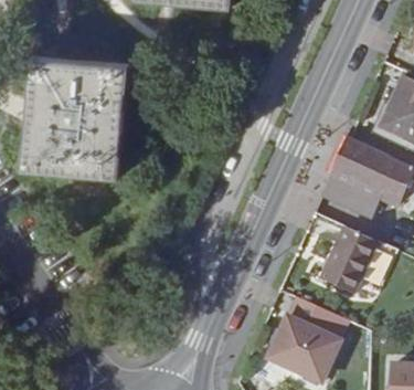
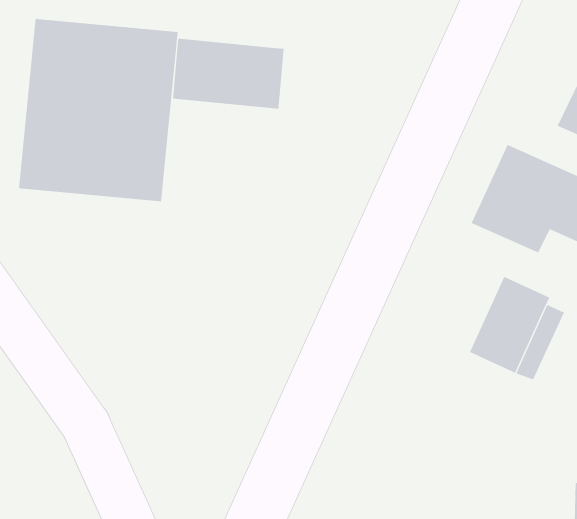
building: none -> [172,38,284,109]
building: [268,298,340,382] -> none

